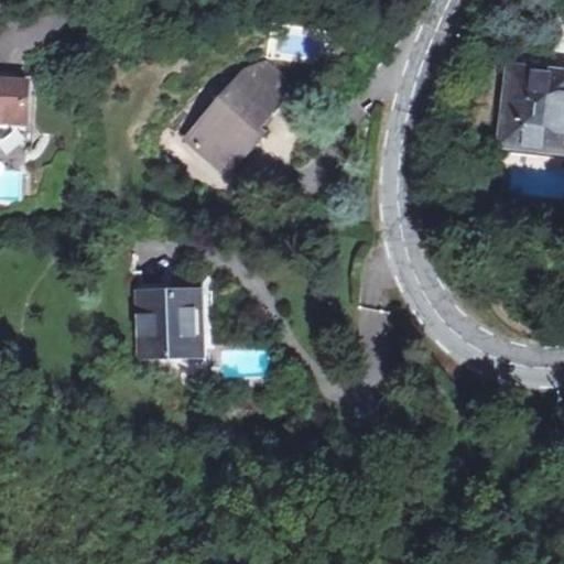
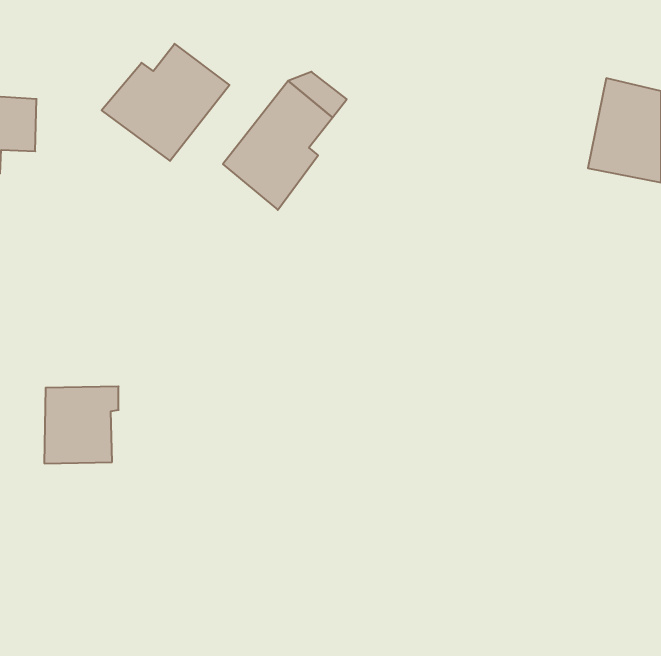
building: none -> [102,44,229,161]
building: [132,288,195,352] -> [44,386,119,463]

